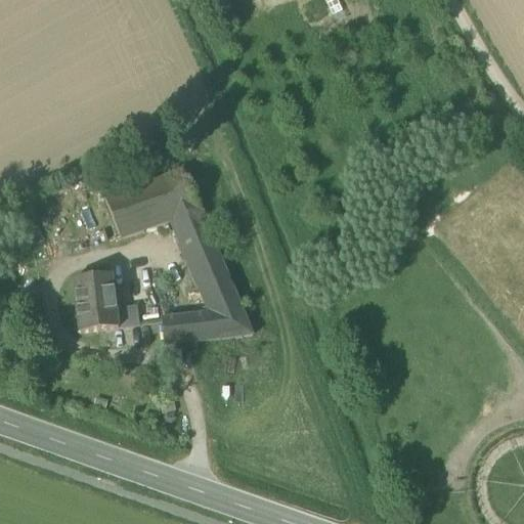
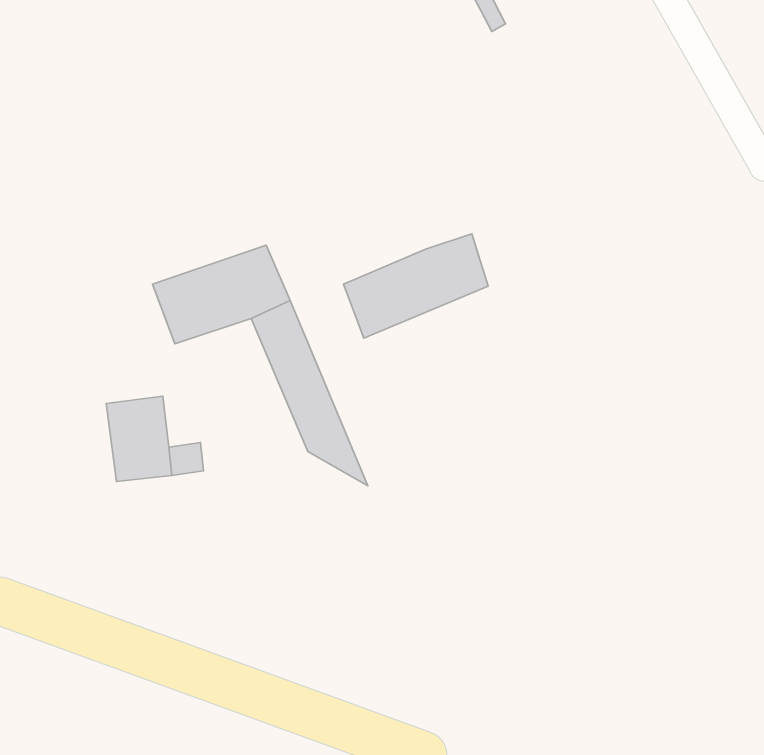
building: none -> [344,234,488,338]
building: [161,309,252,343] -> none

